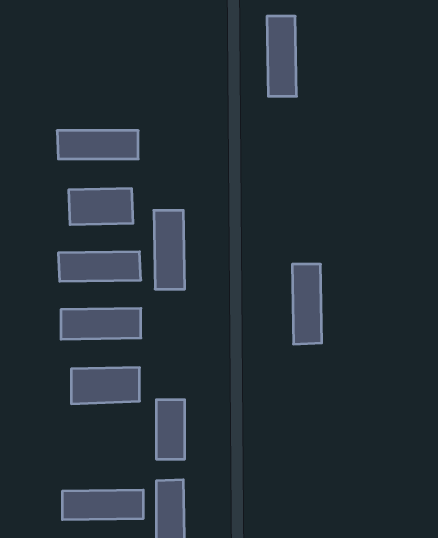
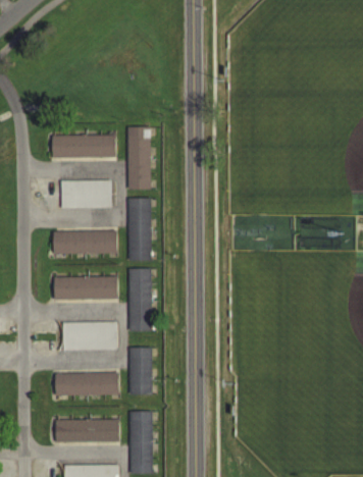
building: [267,16,297,96] -> [127,126,151,190]
building: [292,264,322,344] -> [128,268,152,331]
building: none -> [54,372,119,395]

